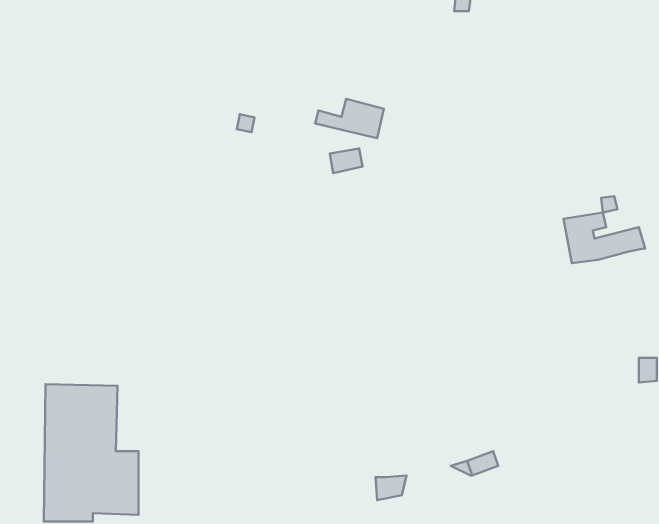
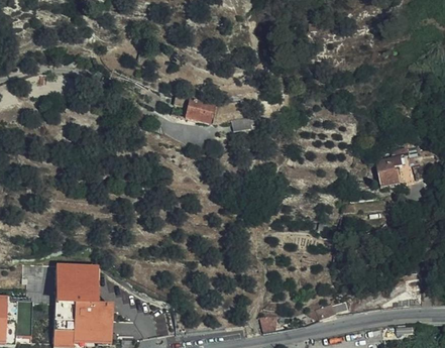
building: [315,99,384,138] -> [172,99,214,123]

